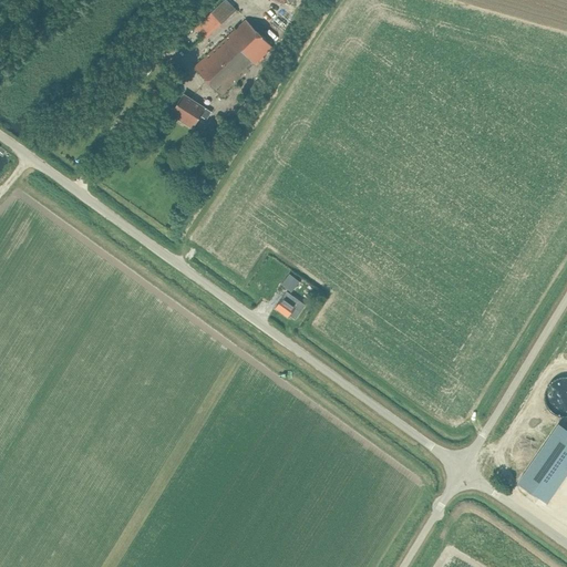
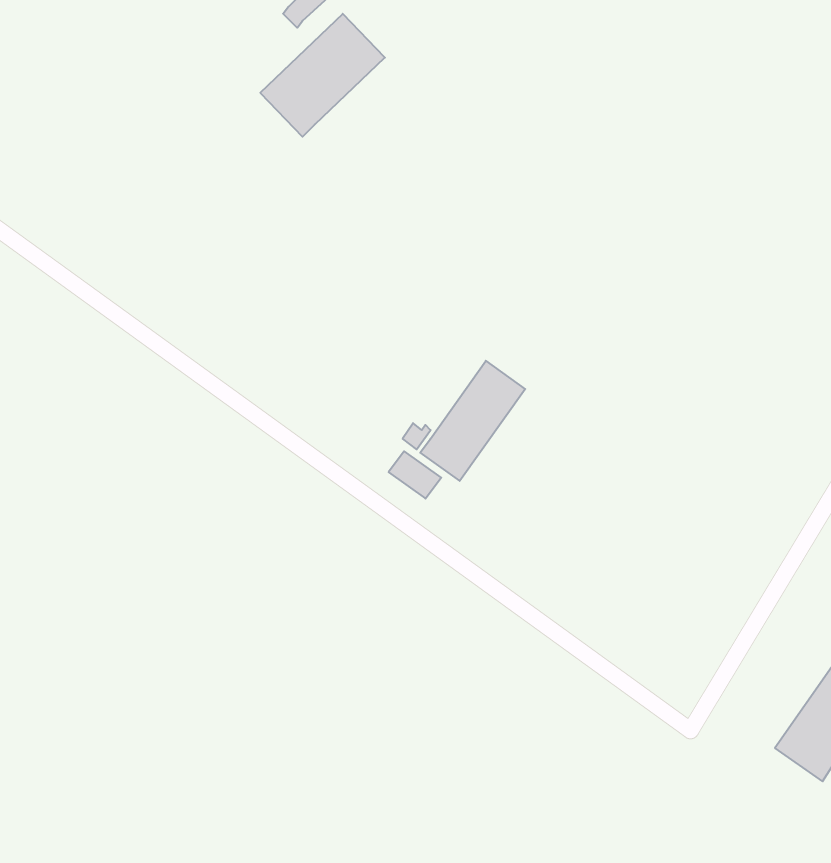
building: [171,94,212,128] -> none
building: none -> [420,361,525,481]

